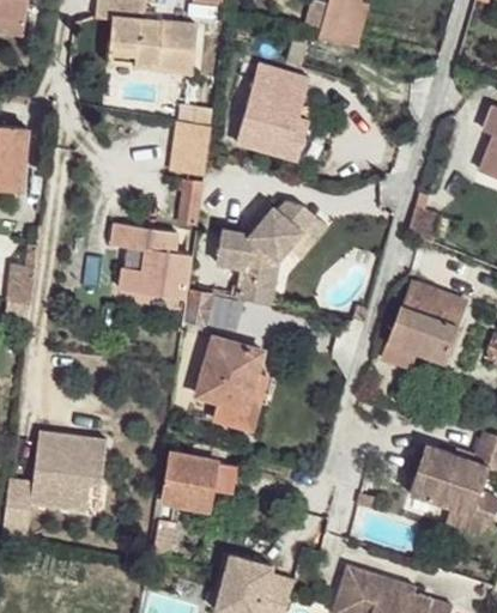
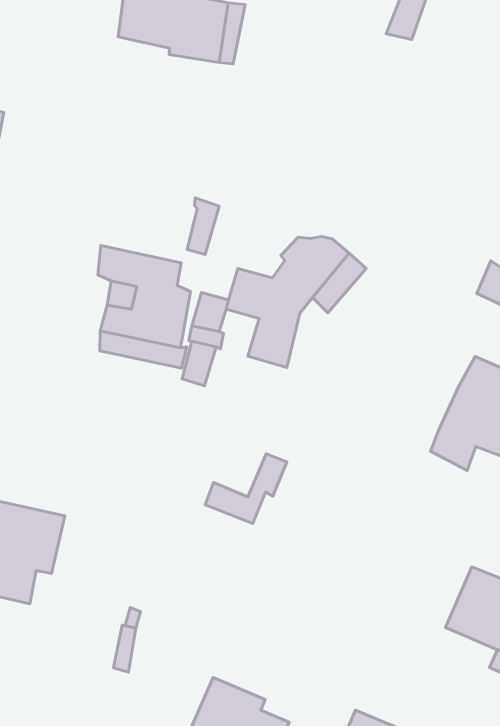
building: [236,62,309,157] -> none
building: [174,119,211,174] -> none
building: [198,338,261,407] -> none
building: [164,451,230,505] -> none

